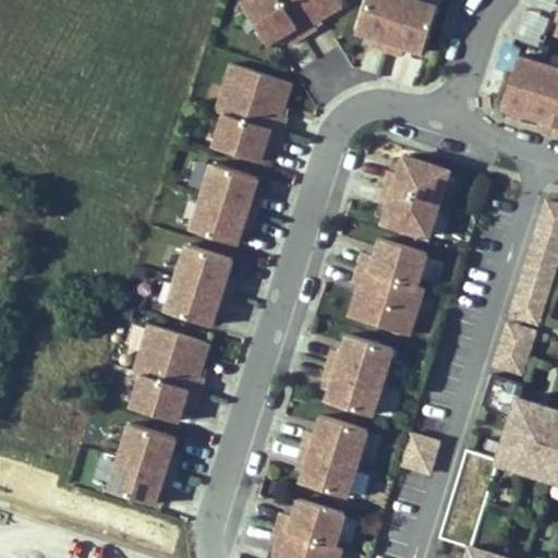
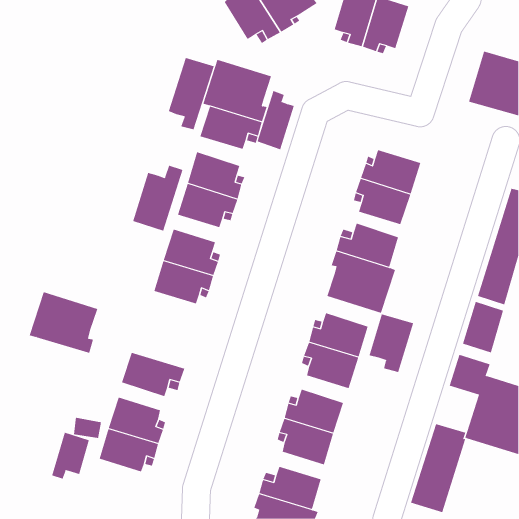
building: none -> [168,57,215,130]
building: none -> [257,90,294,150]
building: none -> [133,165,183,232]
building: [133,328,207,395] -> [29,292,98,354]
building: none -> [369,313,414,373]
building: [402,435,441,475] -> none
building: none -> [51,432,90,480]

